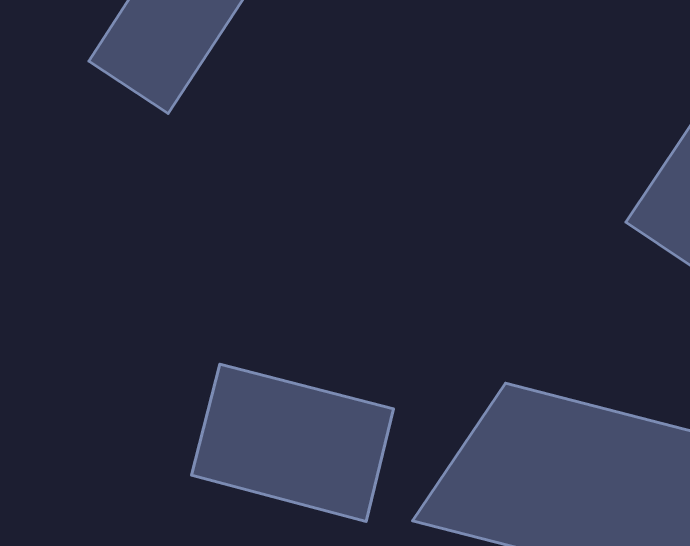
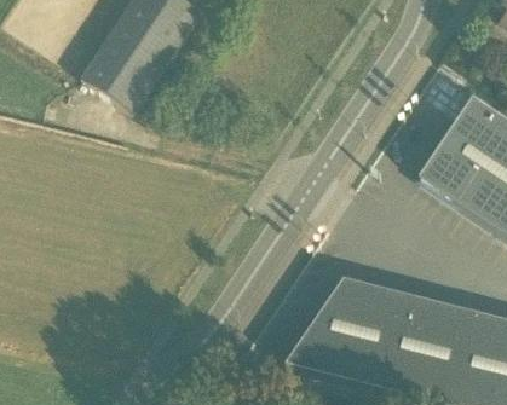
building: [192,364,393,522] -> none

